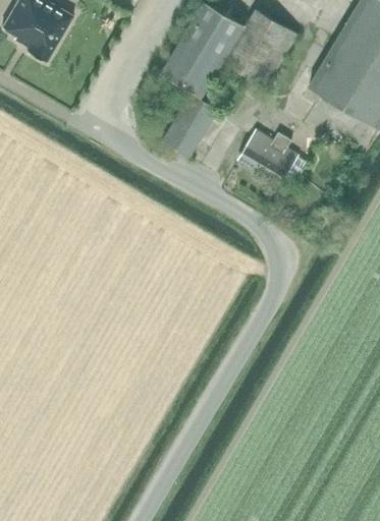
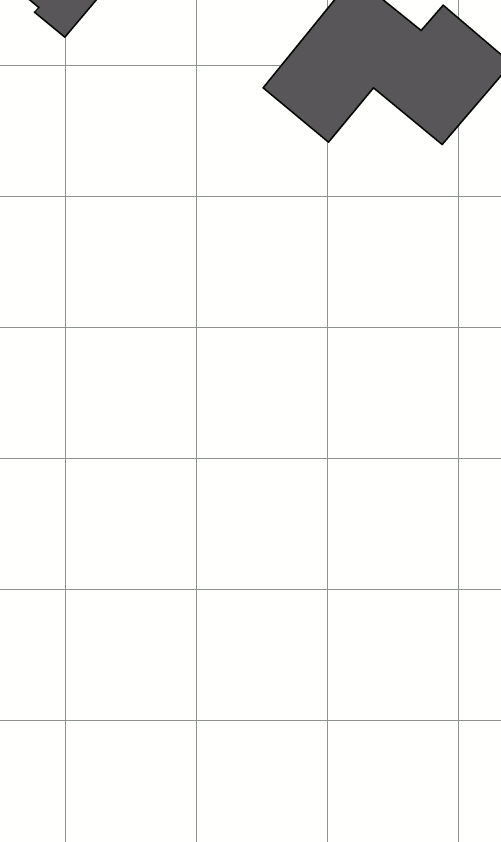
building: [161,93,219,159] -> none
building: [236,129,300,187] -> none

